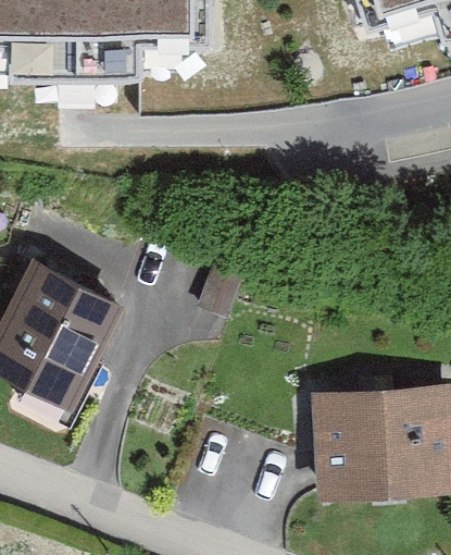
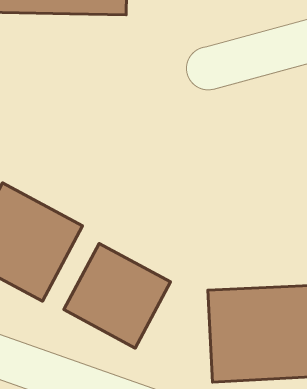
building: none -> [64,244,171,348]

